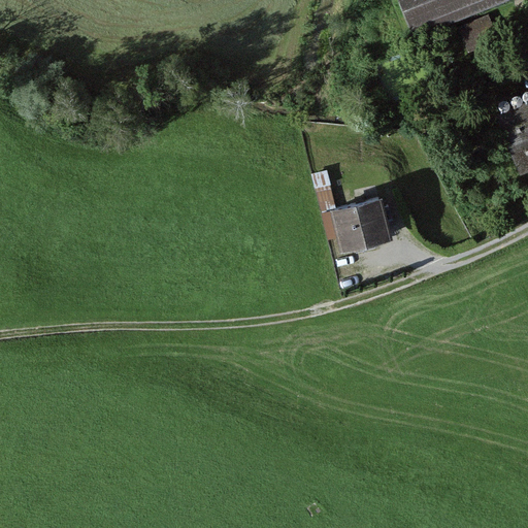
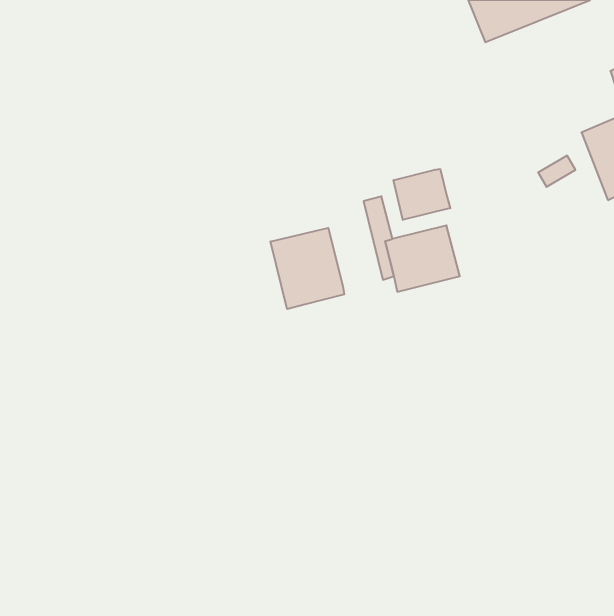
building: none -> [394,169,450,220]
building: none -> [271,228,344,309]

